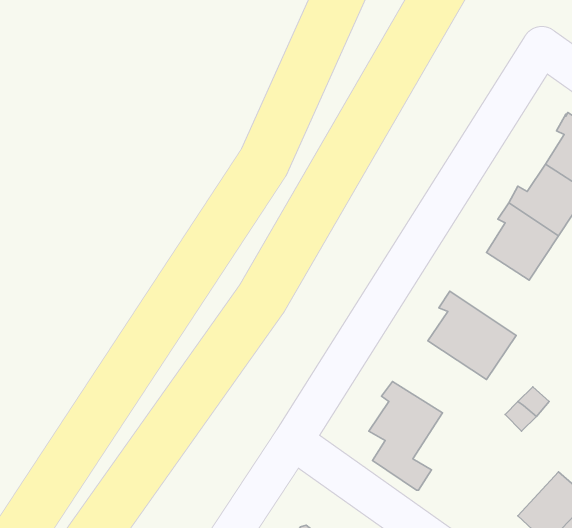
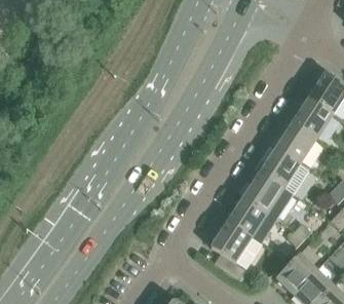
building: none -> [256,147,309,193]
building: none -> [224,196,276,242]
building: none -> [276,253,316,294]

